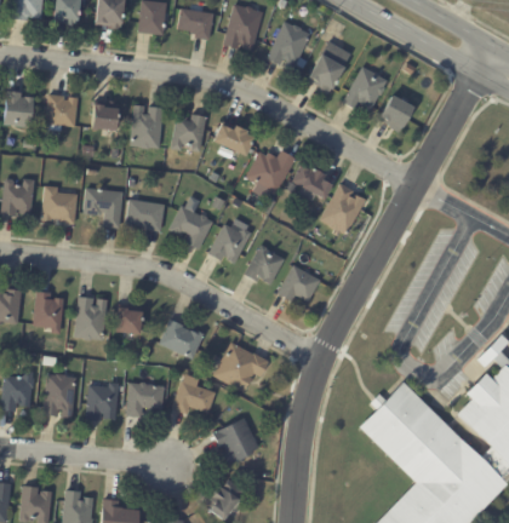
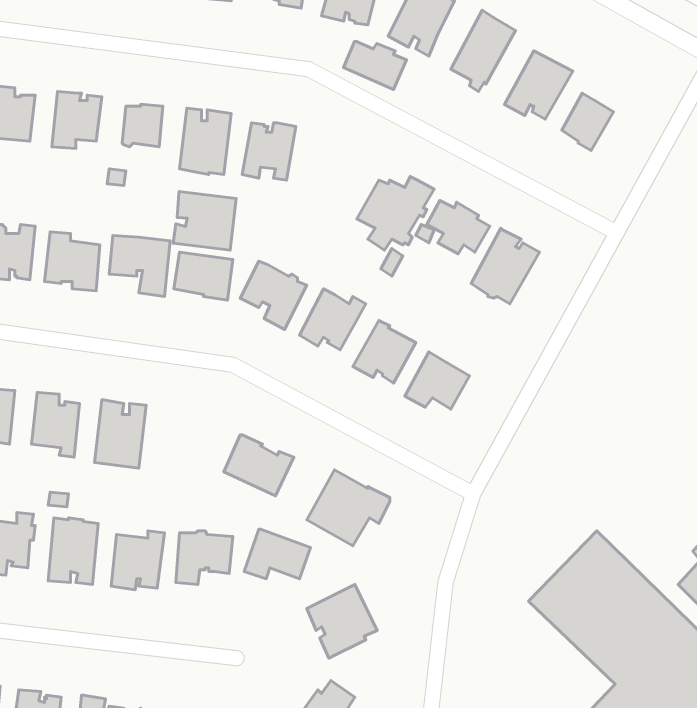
building: [215,123,256,155] -> [344,42,406,90]
building: none -> [173,192,236,250]
building: [115,303,142,334] -> none

